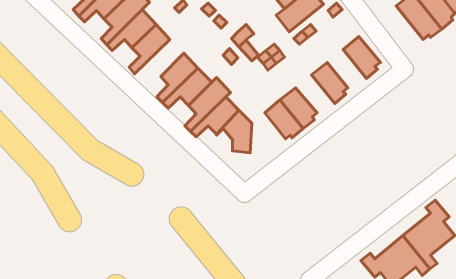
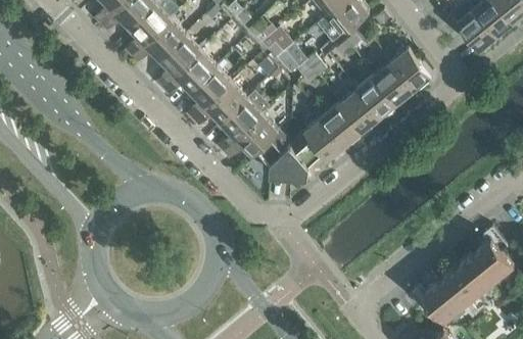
building: none -> [161,50,216,94]
building: none -> [373,61,416,103]
building: none -> [338,89,381,131]
building: none -> [288,131,327,176]

